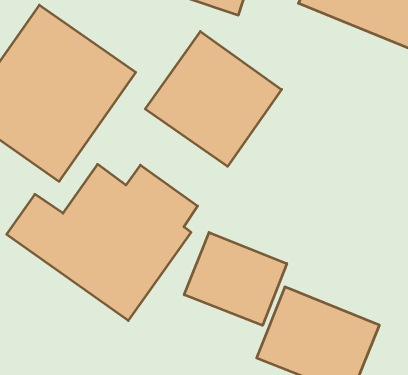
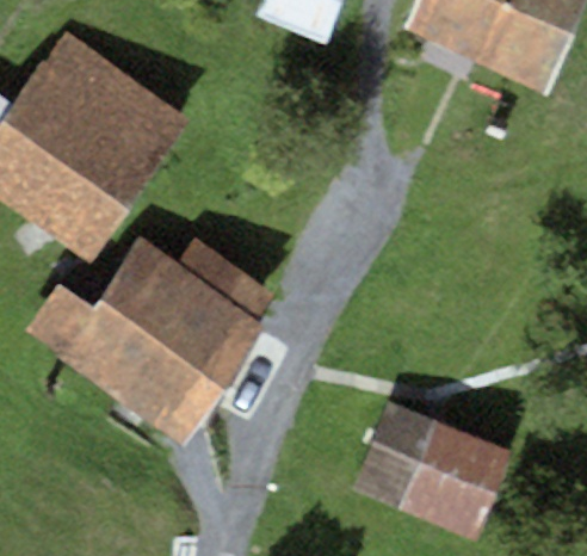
building: [145,31,282,166] -> none
building: [184,232,287,325] -> none

